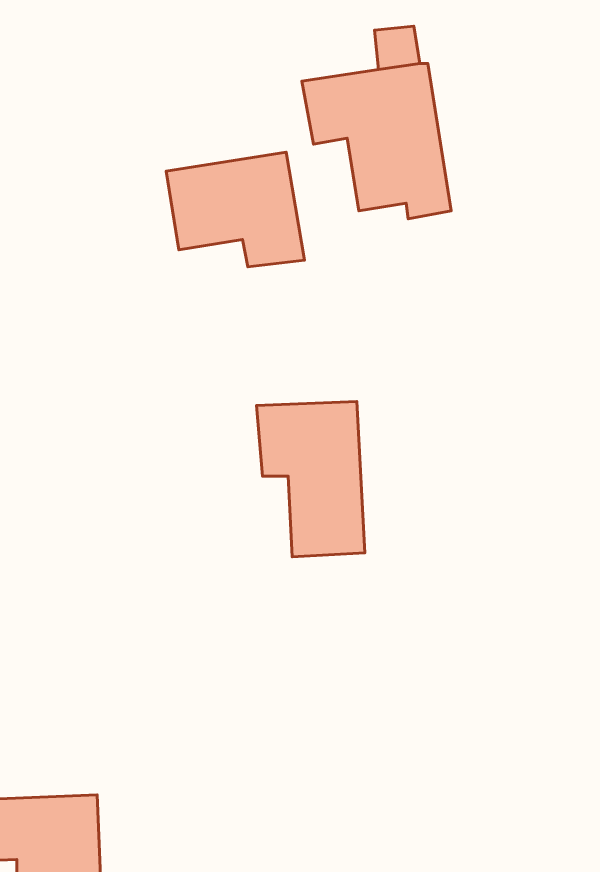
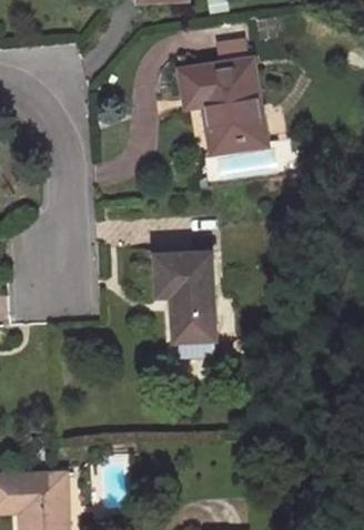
building: [166,152,305,267] -> none

